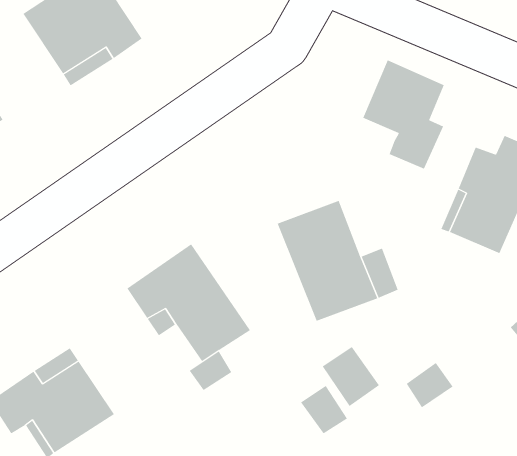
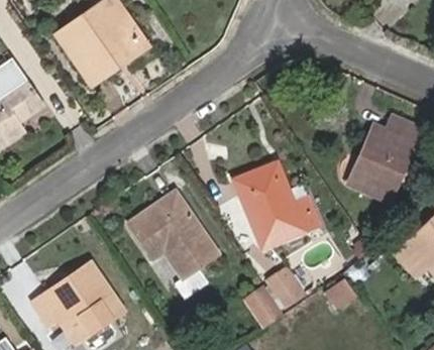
building: [363,59,445,170] -> none

